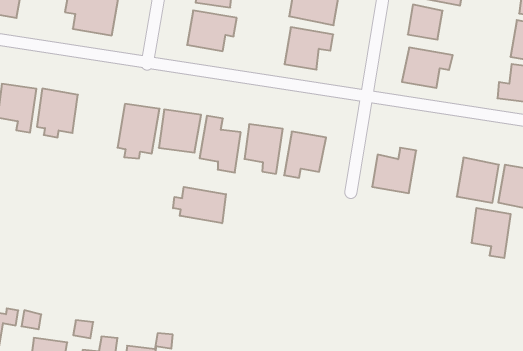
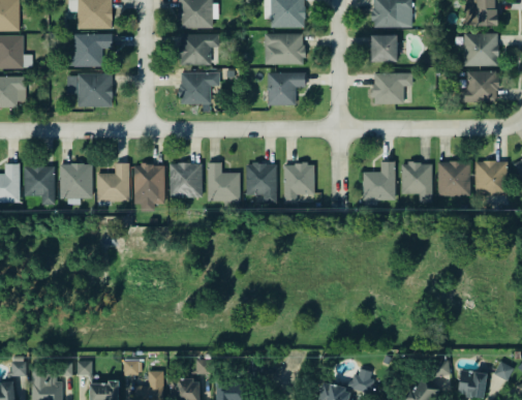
building: none -> [96,162,129,202]
building: [173,187,226,223] -> none
building: [471,208,511,258] -> [400,162,432,202]

